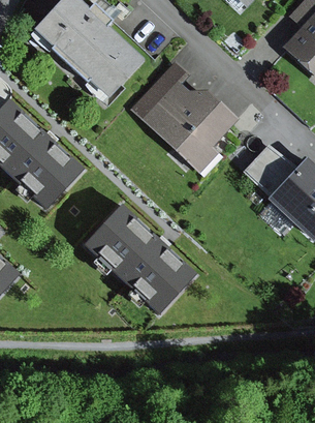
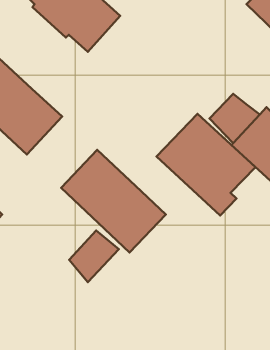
building: [131,60,239,171] -> [156,114,255,216]
building: none -> [69,231,119,282]

